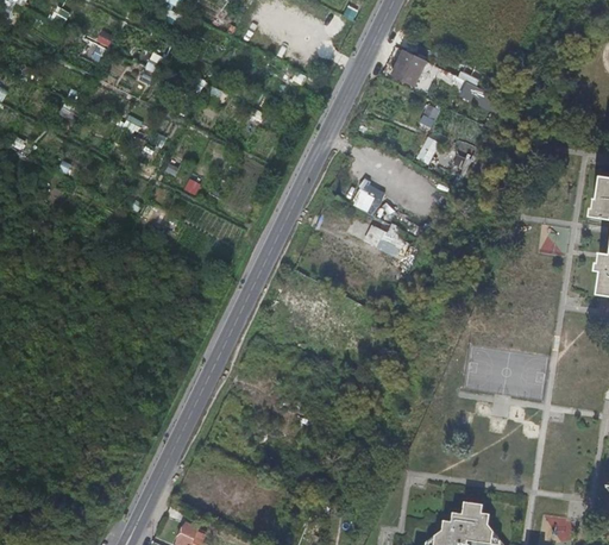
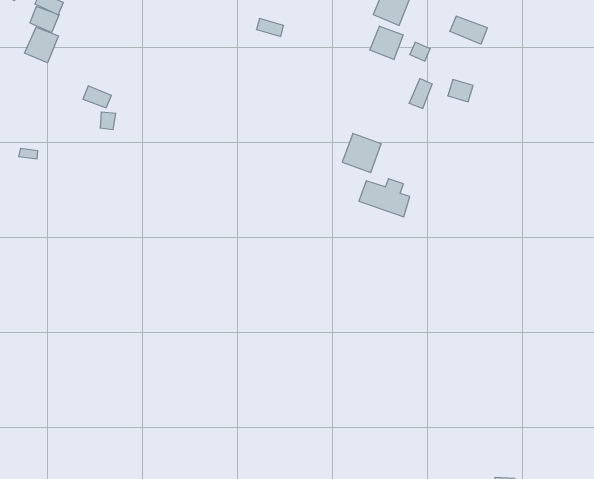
building: none -> [25,27,58,63]
building: none -> [370,26,403,60]

